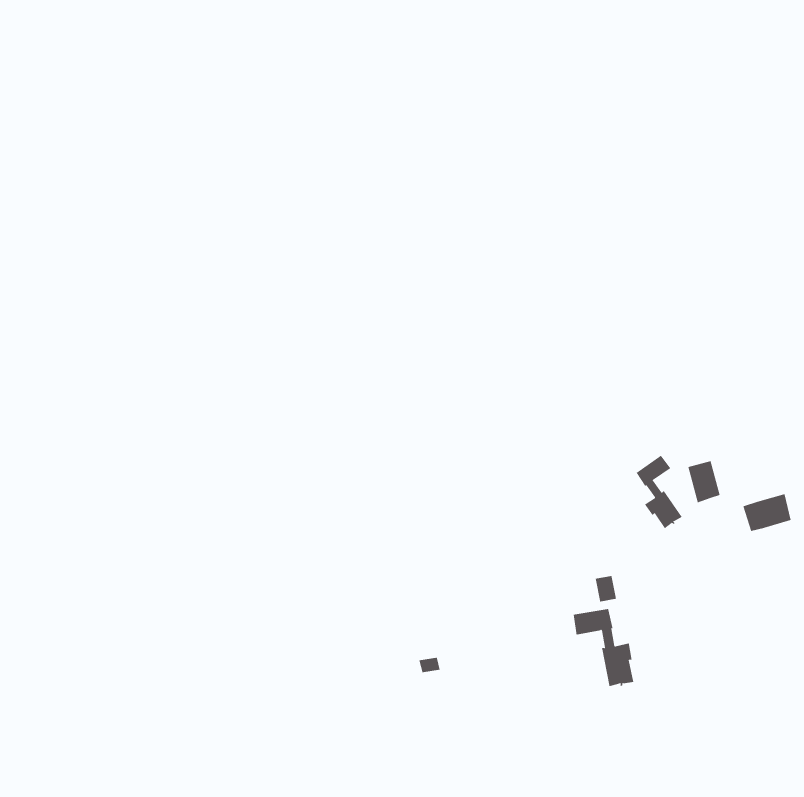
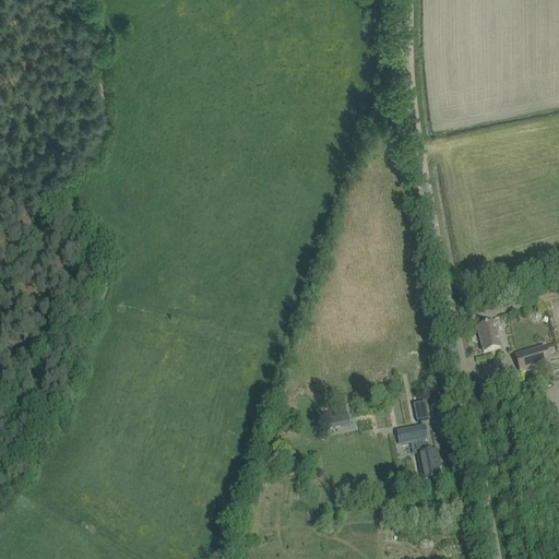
building: [636,455,682,529] -> none

